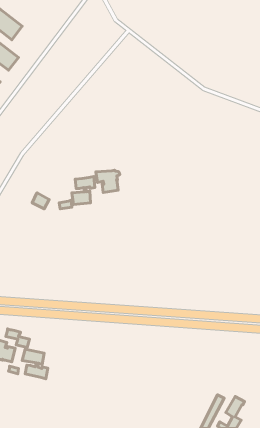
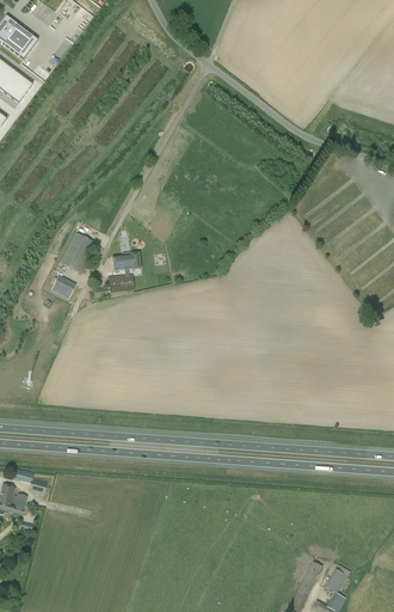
building: none -> [59,231,98,273]
building: [96,170,120,193] -> none
building: [22,349,48,379] -> none

